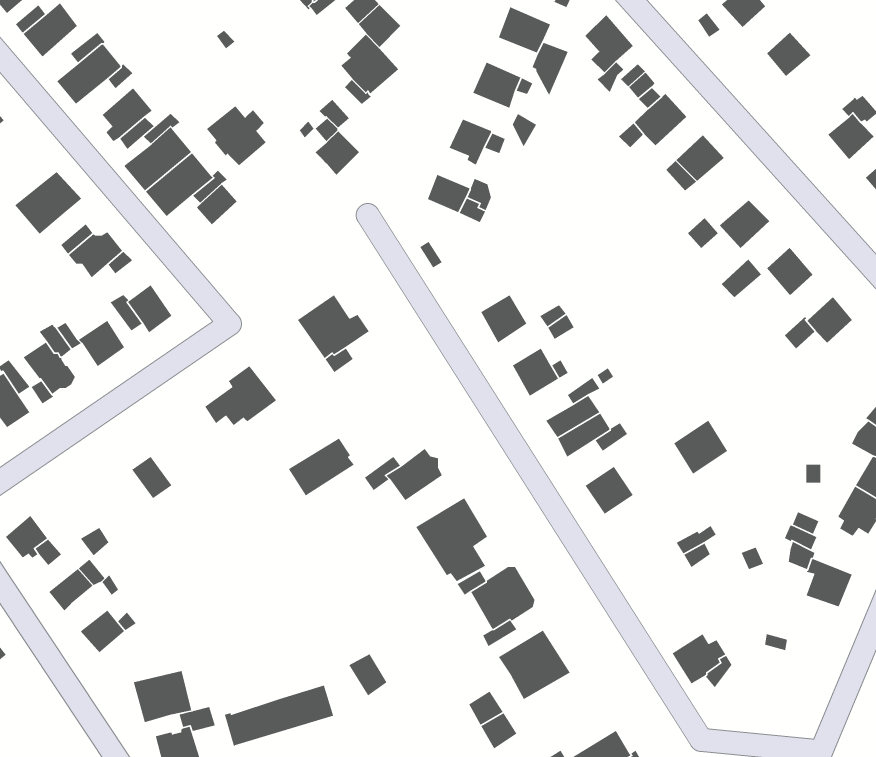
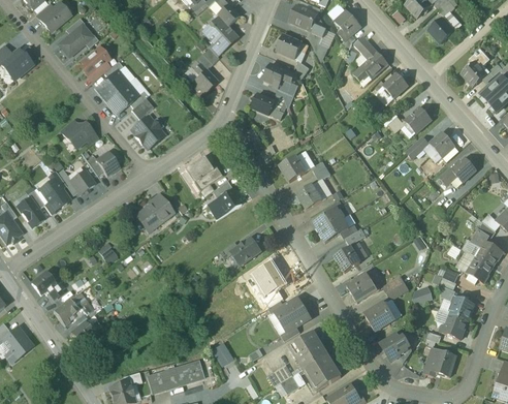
building: [206,105,267,166] -> [131,116,163,148]
building: [14,171,82,235] -> none
building: [673,420,728,475] -> [347,272,376,301]
building: [288,437,355,497] -> [205,188,241,219]
building: none -> [363,301,394,330]
building: none -> [439,313,468,338]
building: none -> [424,346,456,375]
building: [133,670,192,723] -> none
building: none -> [303,353,341,390]

